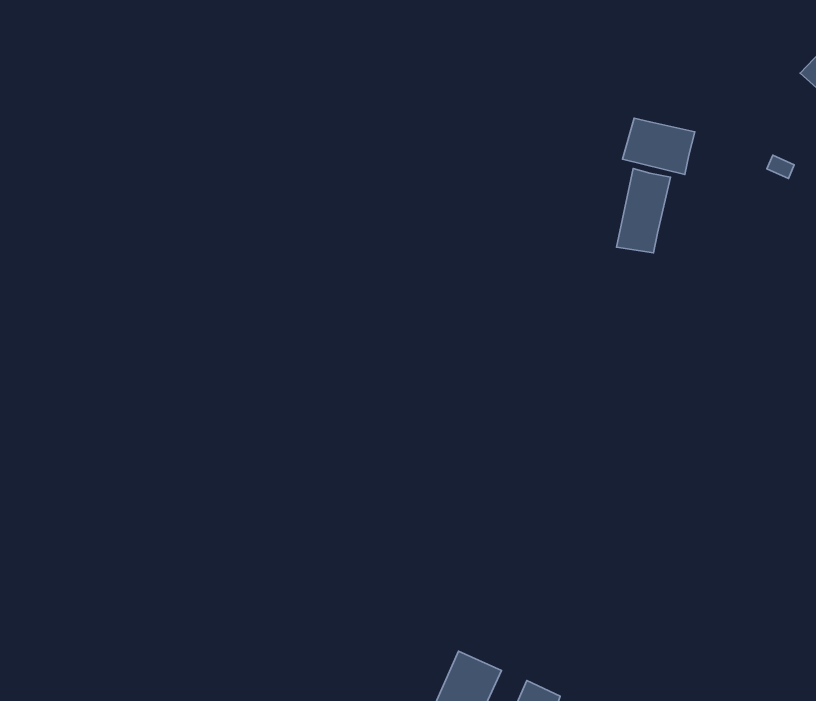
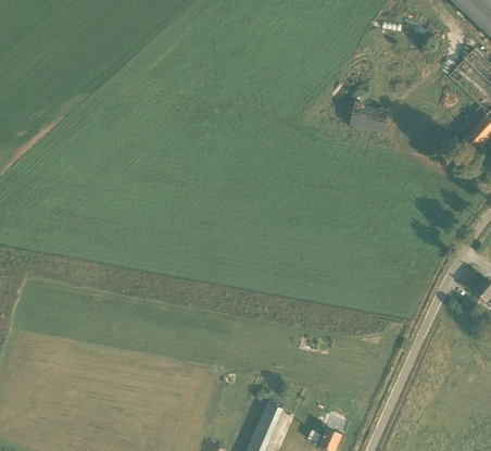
building: [617,169,671,253] -> none

